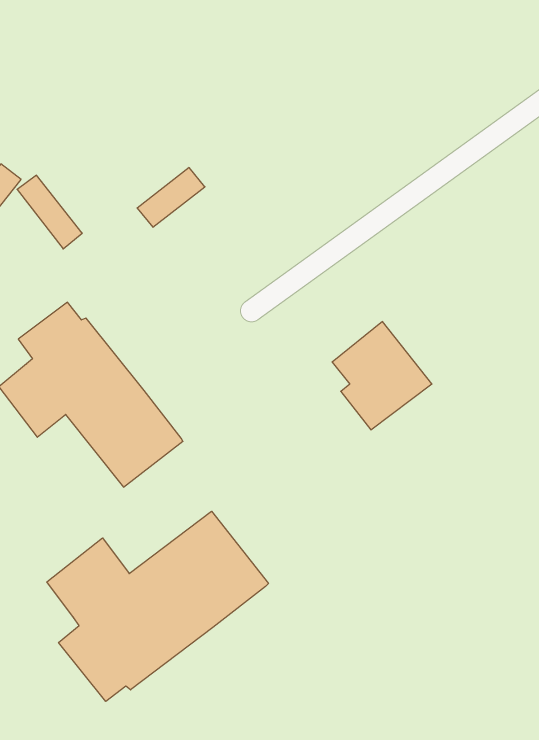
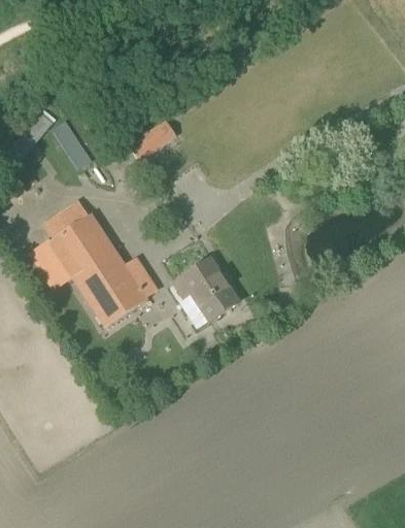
building: [332,322,432,430] -> [174,257,238,327]
building: [47,511,268,701] -> none

